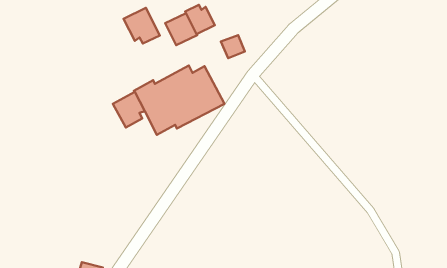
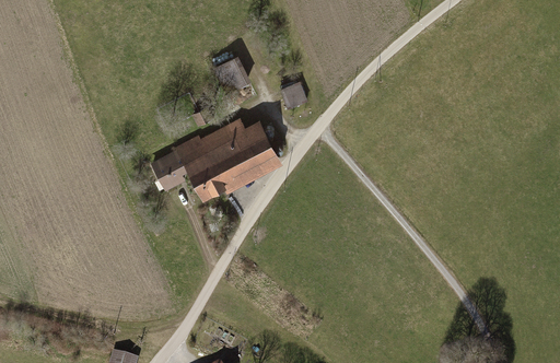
building: [185,5,215,34] -> none
building: [124,8,160,44] -> none

